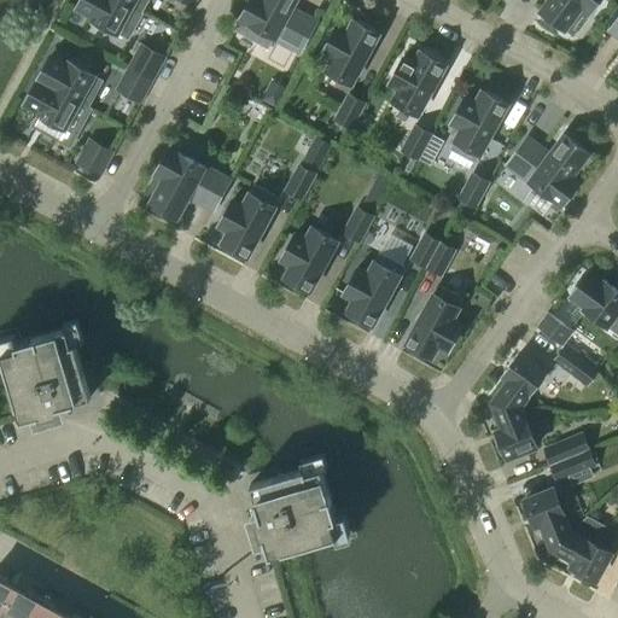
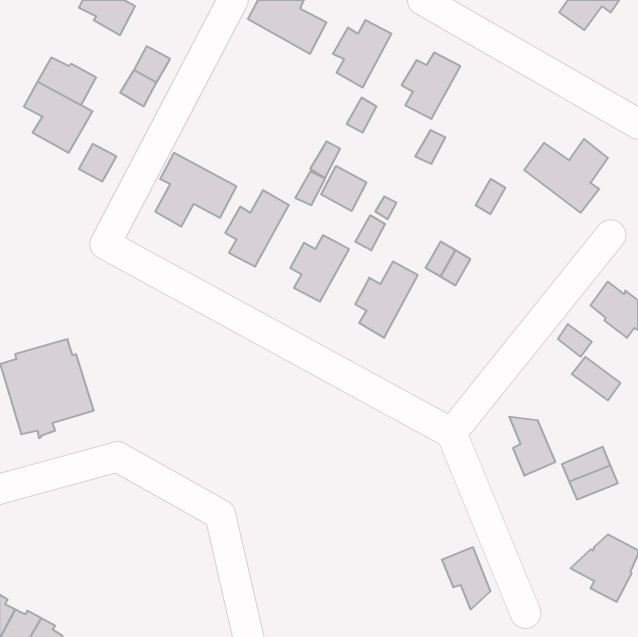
building: [449,92,506,165] -> none
building: none -> [321,166,366,211]
building: [404,287,462,360] -> none
building: [491,354,544,408] -> none
building: [250,470,336,558] -> none
building: [523,490,570,550] -> [442,547,491,610]

